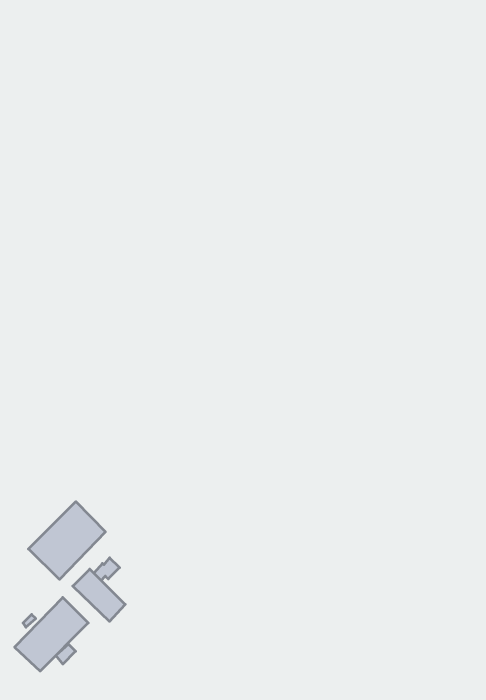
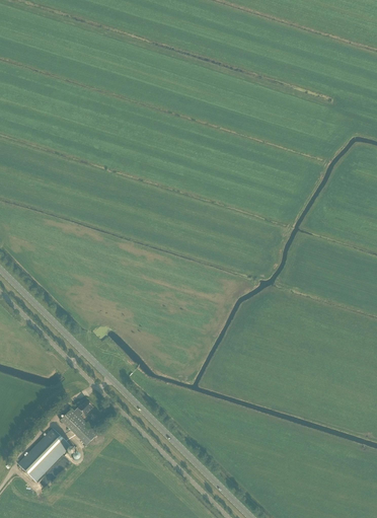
building: [28,502,105,579] -> none

